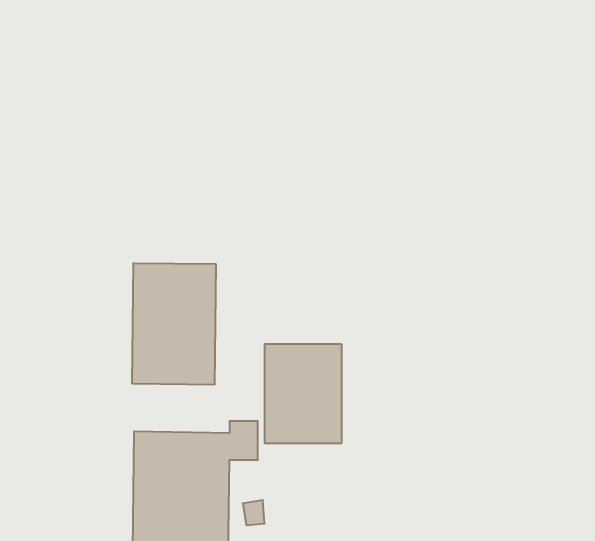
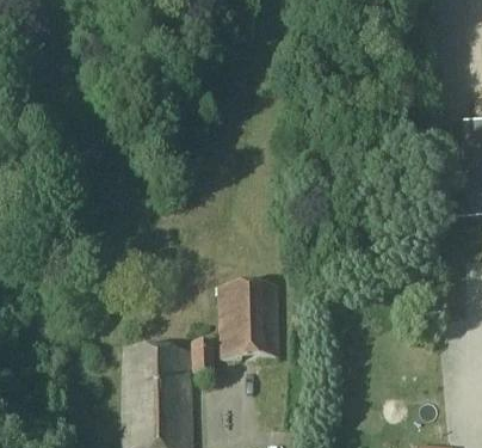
building: [132,263,216,385] -> none

